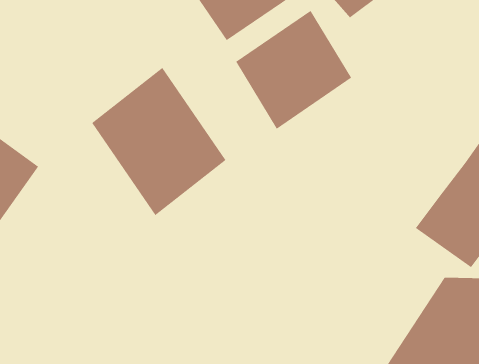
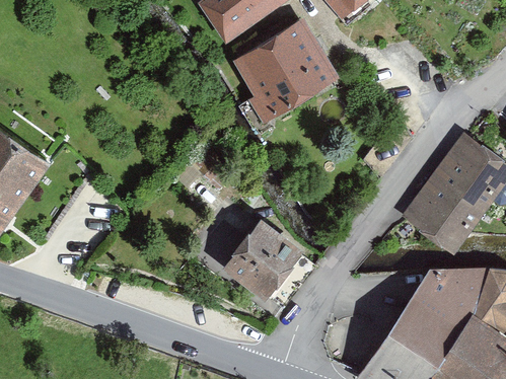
building: [91,67,226,216] -> none
building: none -> [223,217,303,297]

